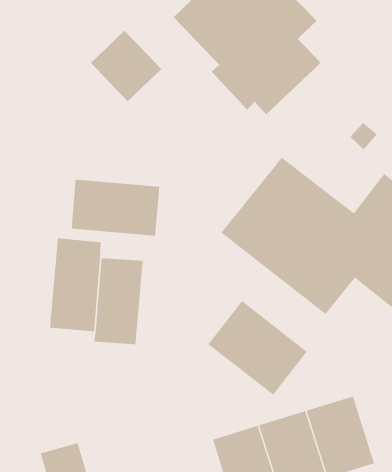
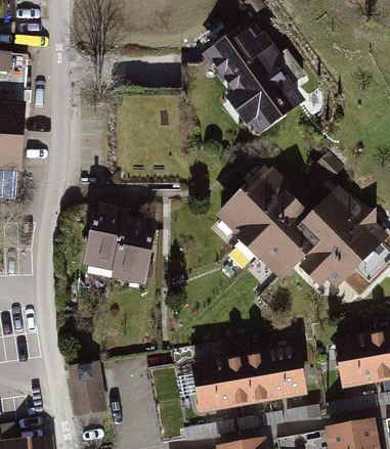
building: [90,30,162,102] -> none
building: [71,179,160,237] -> none
building: [208,300,308,396] -> none

